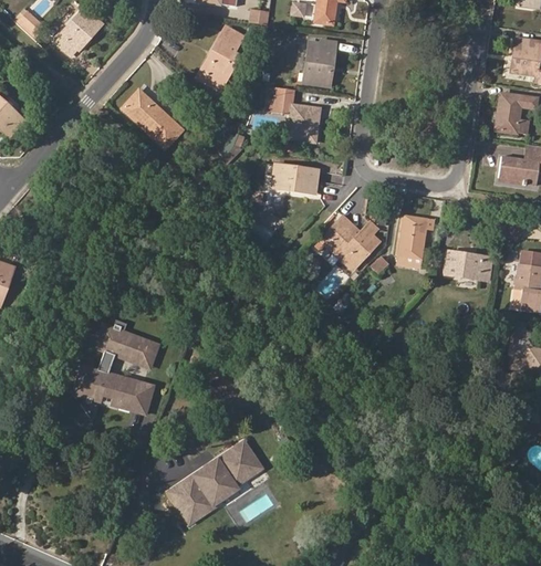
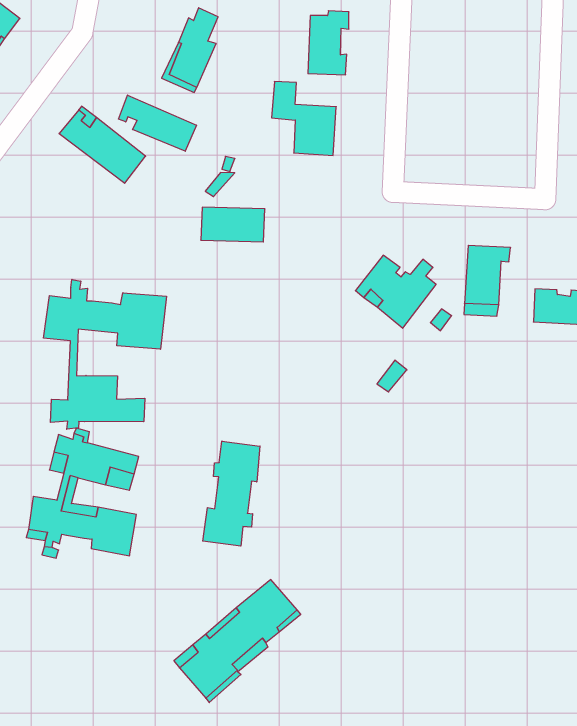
building: none -> [118,95,196,151]
building: [272,165,320,193] -> [201,207,265,242]
building: none -> [44,279,166,429]
building: none -> [203,441,260,546]

